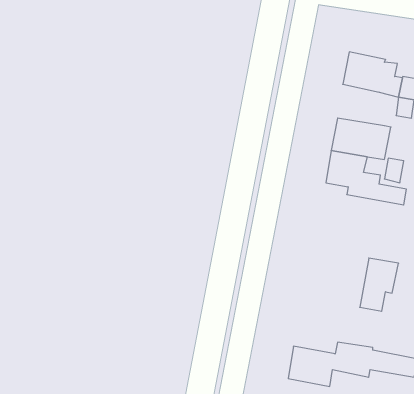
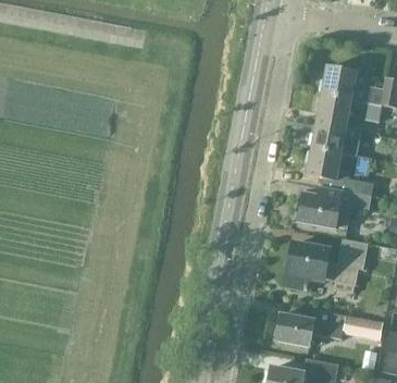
building: none -> [317,92,358,127]
building: none -> [296,184,372,230]
building: none -> [285,242,327,288]

